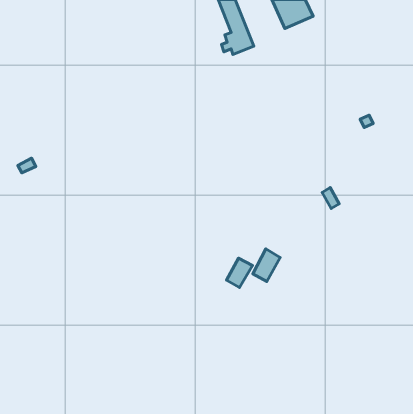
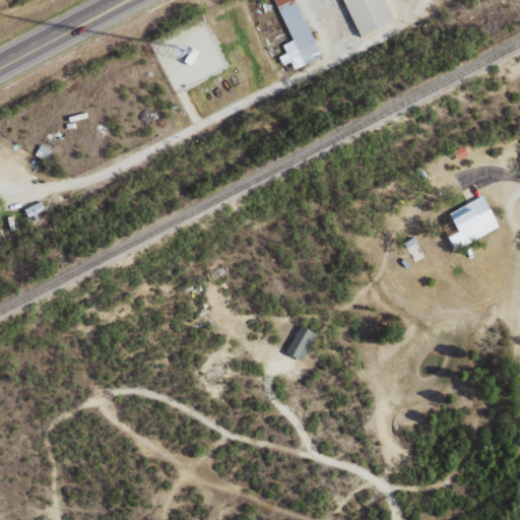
building: none -> [447,194,500,249]
building: [253,249,280,281] -> none

